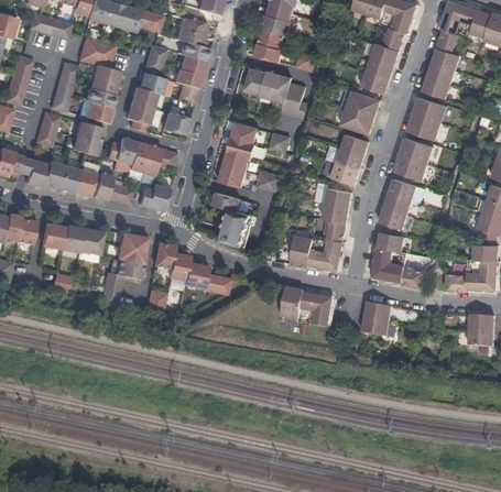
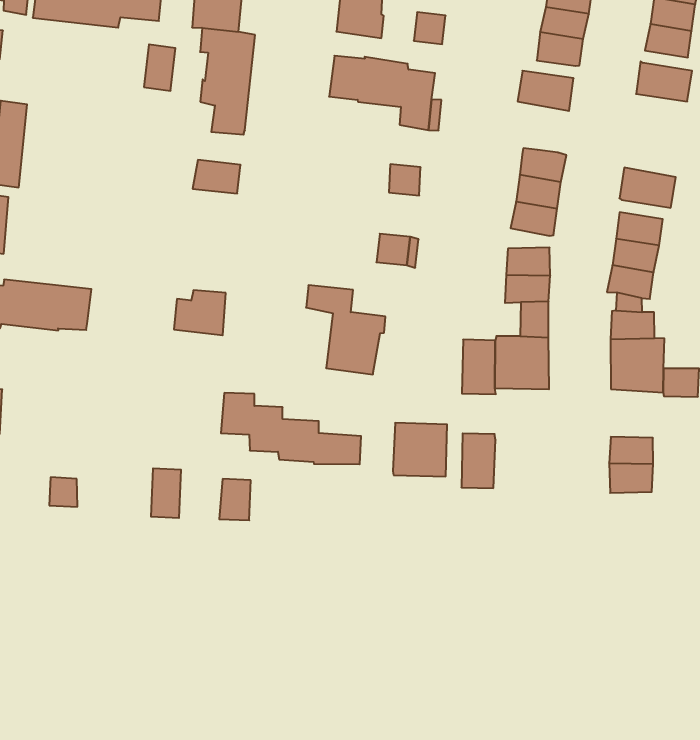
building: [77,35,119,121] -> none
building: [126,70,164,130] -> none
building: [342,108,375,134] -> none
building: [407,114,442,140] -> none
building: [70,120,102,154] -> none
building: [219,121,258,185] -> none
building: [107,135,175,174] -> none
building: [401,138,434,164] -> none
building: [94,172,132,203] -> none
building: [42,222,104,253] -> none
building: [117,232,146,278] -> none
building: [299,293,334,327] -> [393,423,447,476]

